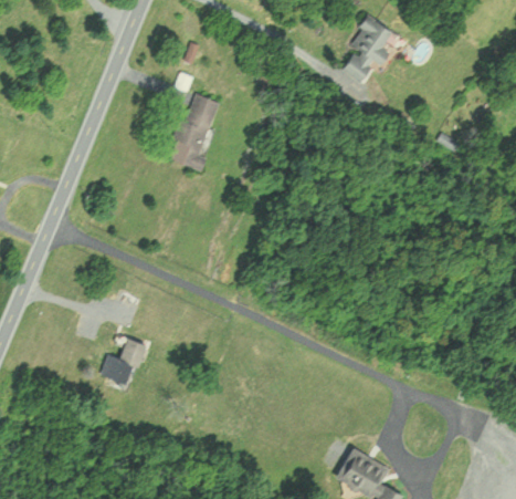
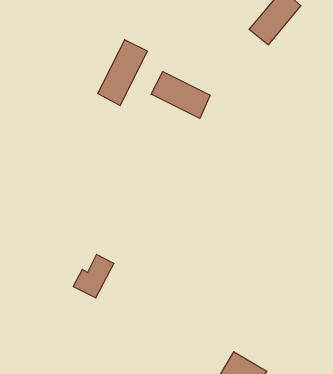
building: none -> [151,71,210,118]
building: [101,337,146,388] -> [73,254,114,298]

